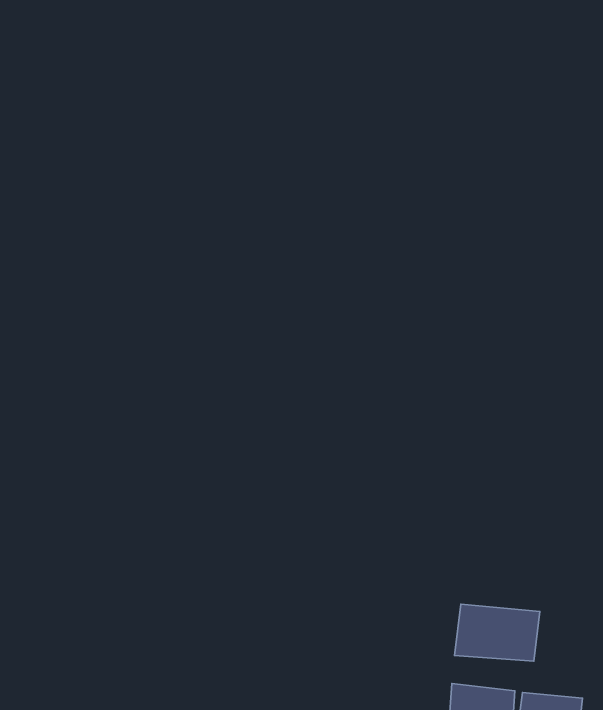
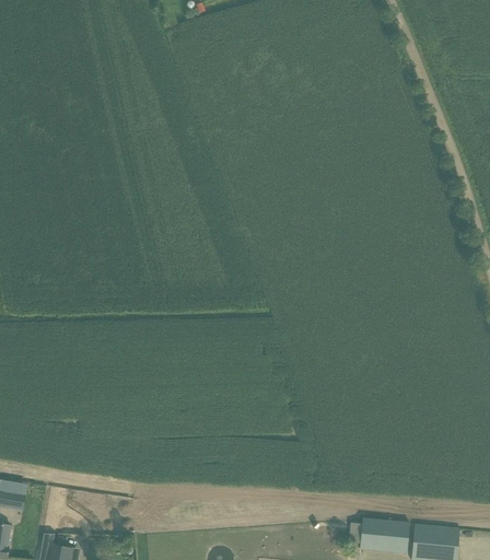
building: [455,604,540,661] -> none

